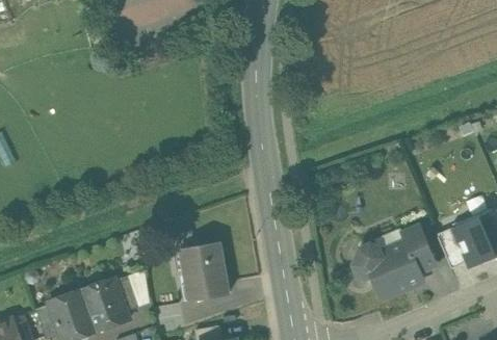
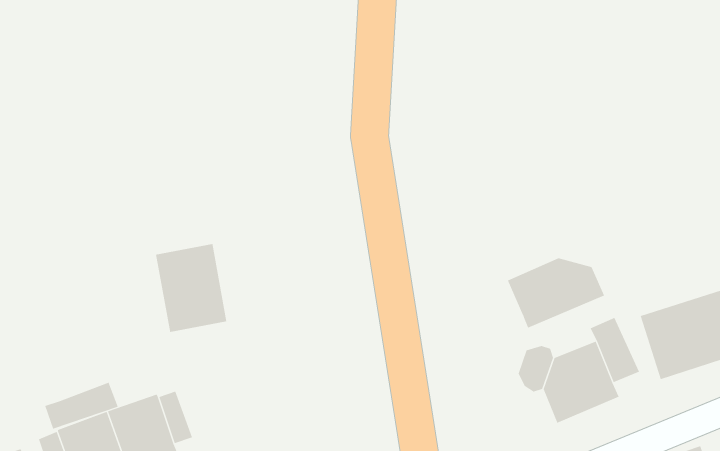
building: none -> [507,258,605,328]
building: [180,241,228,300] -> [155,243,227,333]
building: none -> [44,382,119,430]

